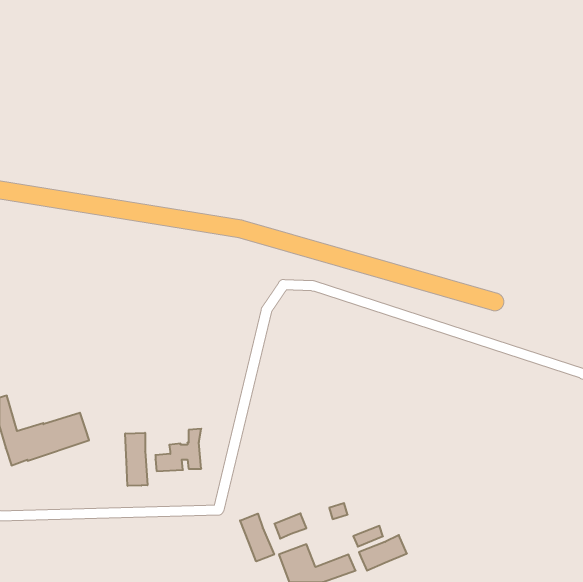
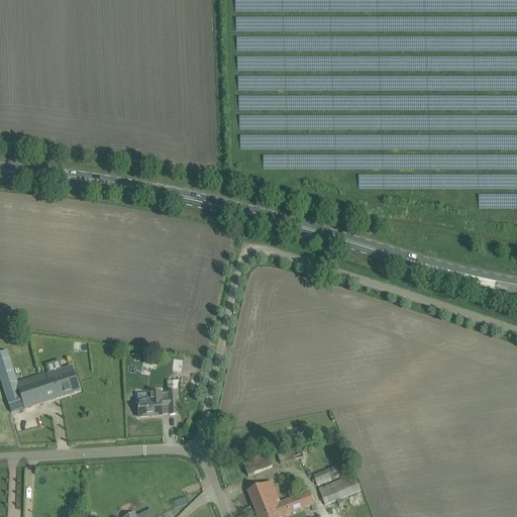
building: [125,433,147,486] -> none
building: [240,514,274,561] -> none

